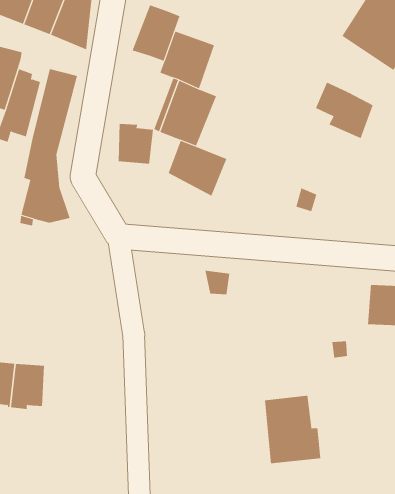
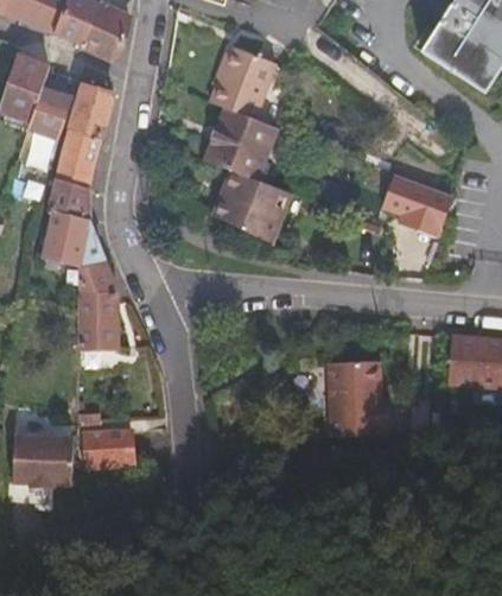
building: [132,4,180,61] -> none
building: [315,82,374,139] -> [389,170,457,236]
building: [118,123,153,165] -> none
building: none -> [80,266,119,343]
building: none -> [84,418,133,455]
building: [264,395,321,464] -> [310,351,376,431]

